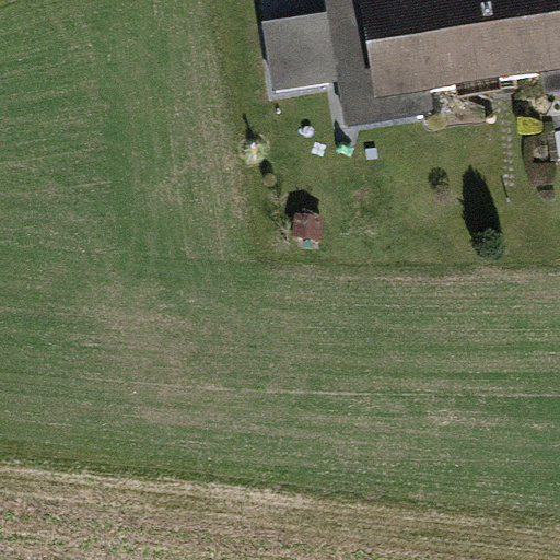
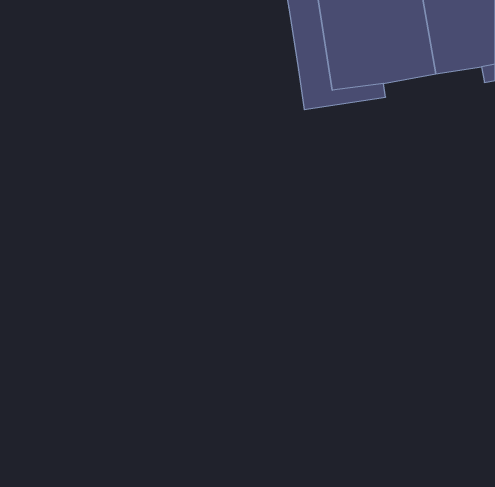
building: [262,9,337,89] -> none

